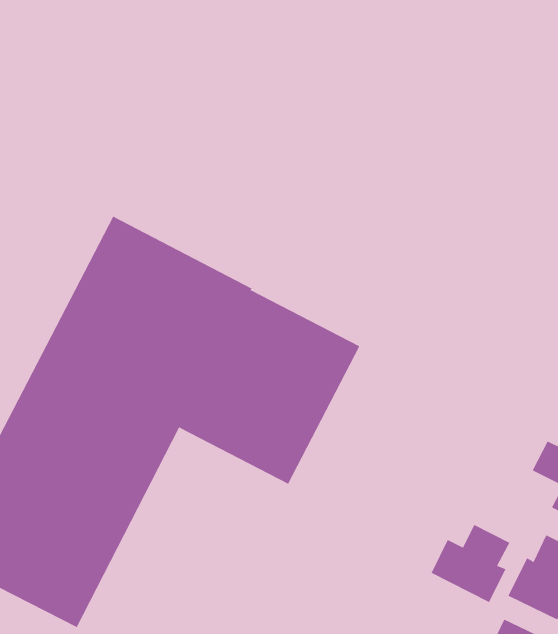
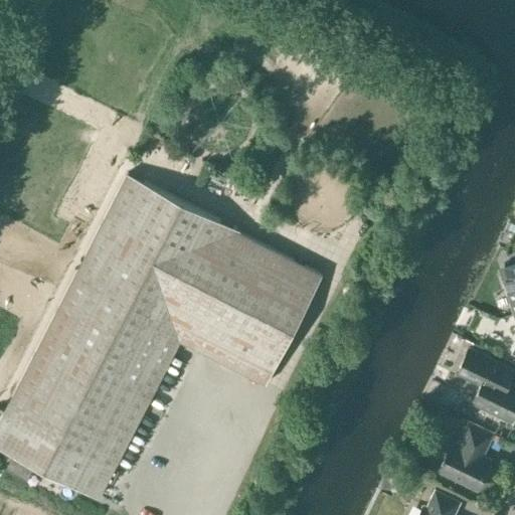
building: [431,524,510,603] -> none

